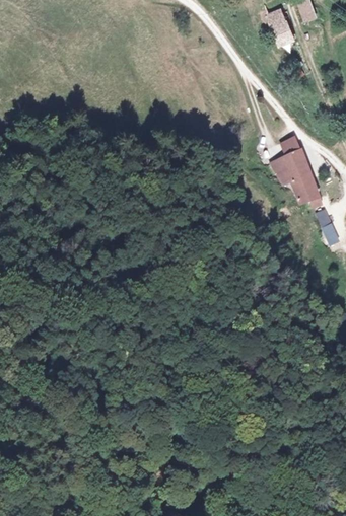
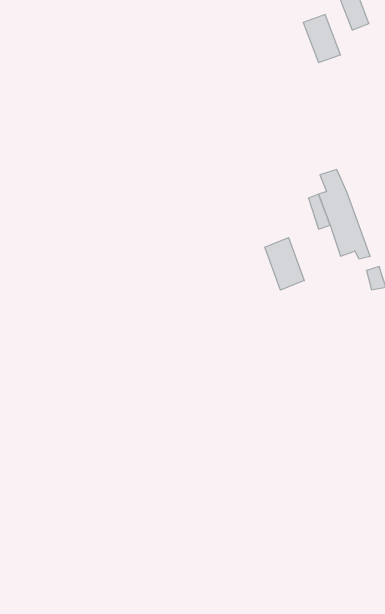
building: none -> [265,238,304,290]

